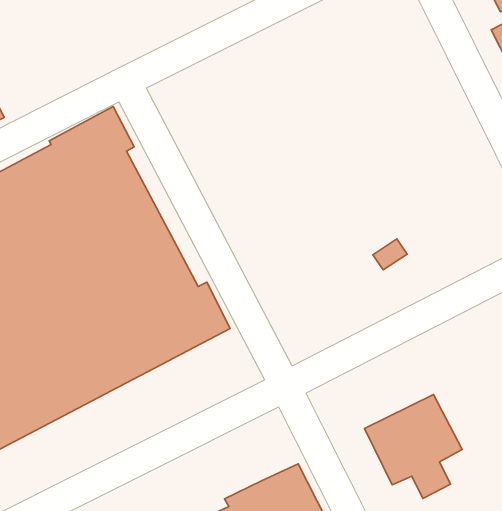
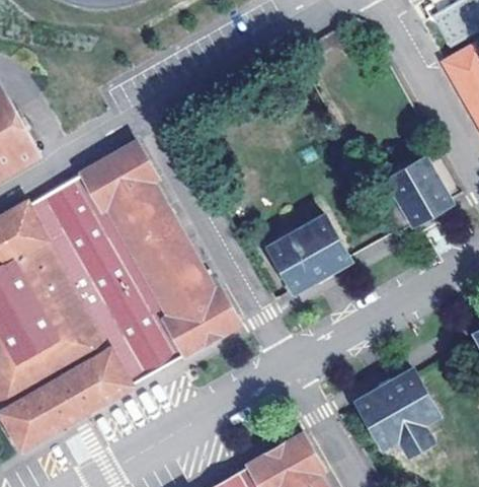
building: none -> [385,154,450,222]
building: none -> [266,214,347,290]

